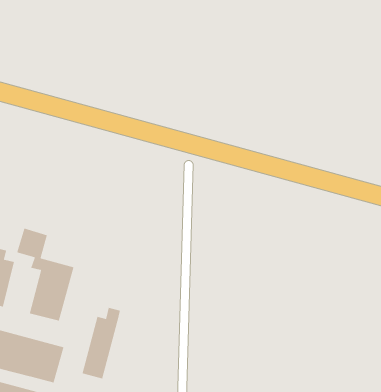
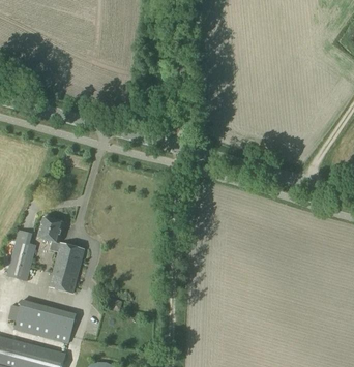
building: [82,307,121,379] -> none

